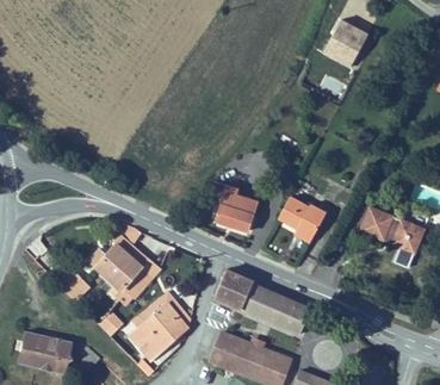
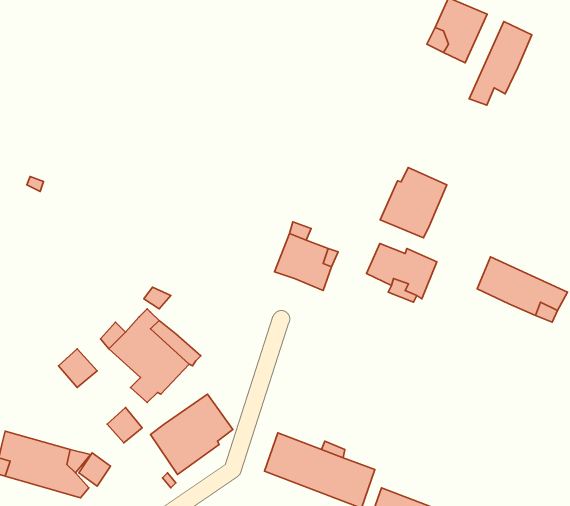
building: none -> [469,21,532,105]
building: none -> [380,168,447,238]
building: [212,267,310,335] -> none
building: [132,292,191,328] -> none

